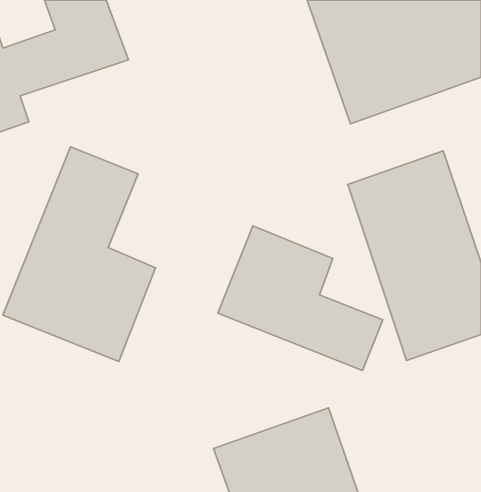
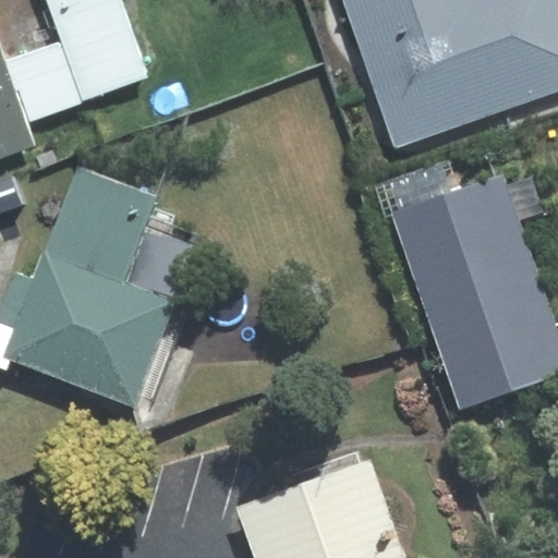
building: [218,226,383,371] -> none

